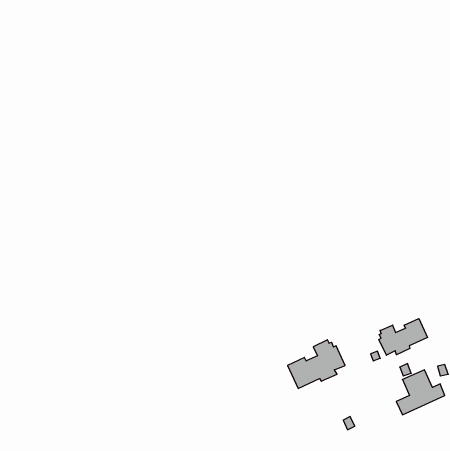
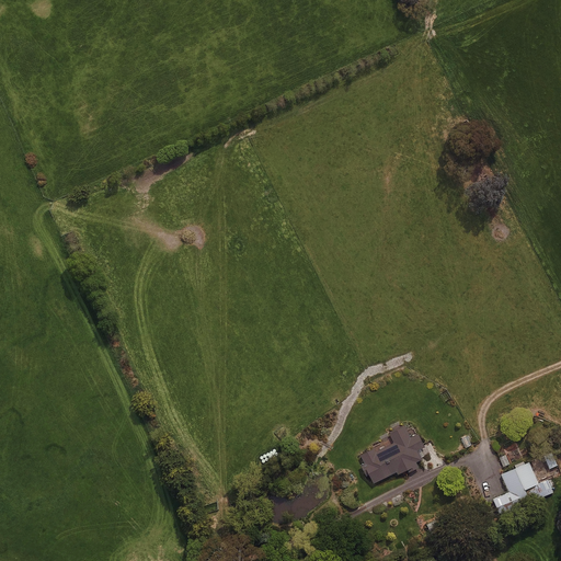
building: [379,319,427,355] -> none

